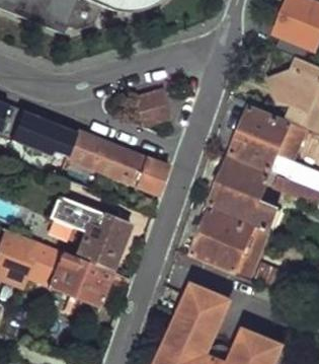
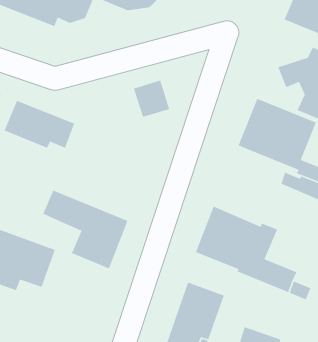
building: [66,130,171,196] -> none
building: [211,161,278,232] -> none
building: [46,251,129,308] -> none

